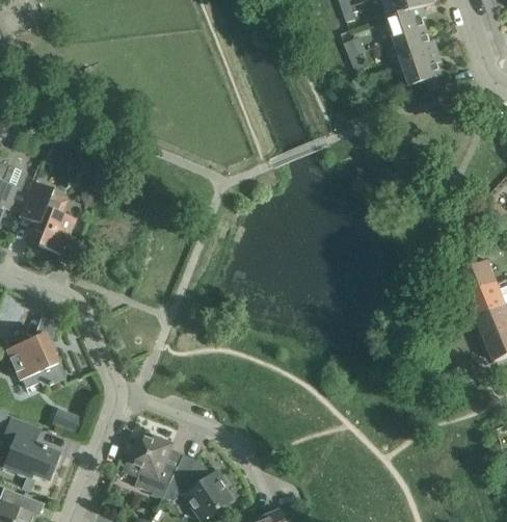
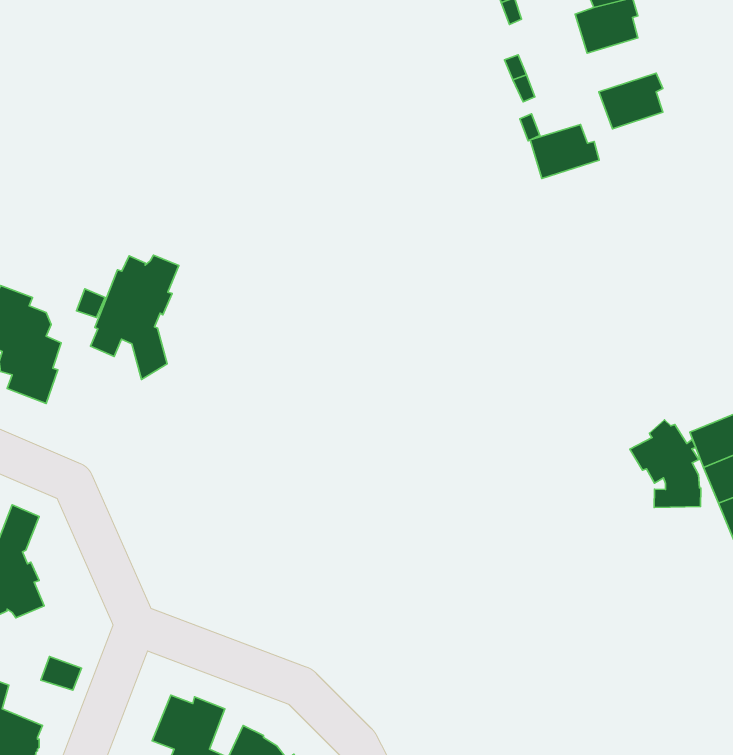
building: [395,29,437,62] -> [530,125,599,179]
building: none -> [90,255,179,379]
building: none -> [630,420,701,508]

